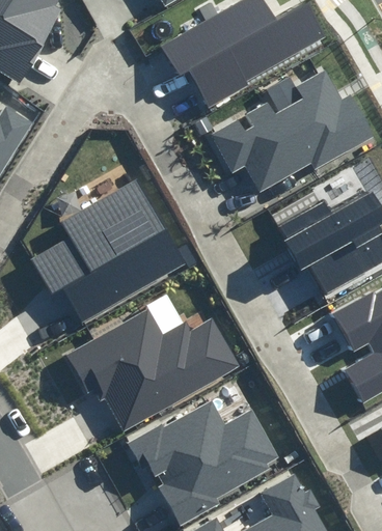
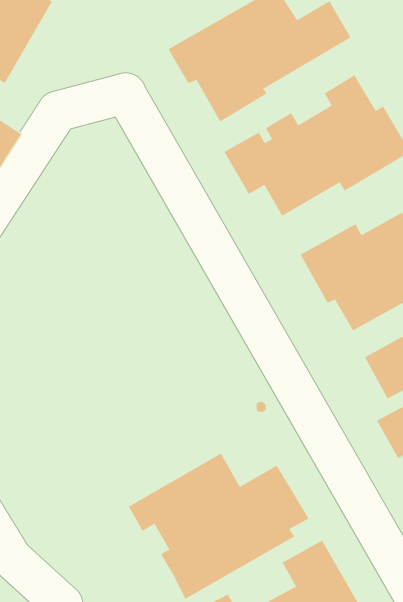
building: [31,177,184,320] -> none
building: [61,305,236,431] -> none

